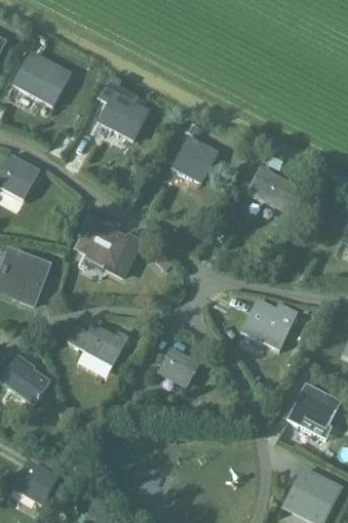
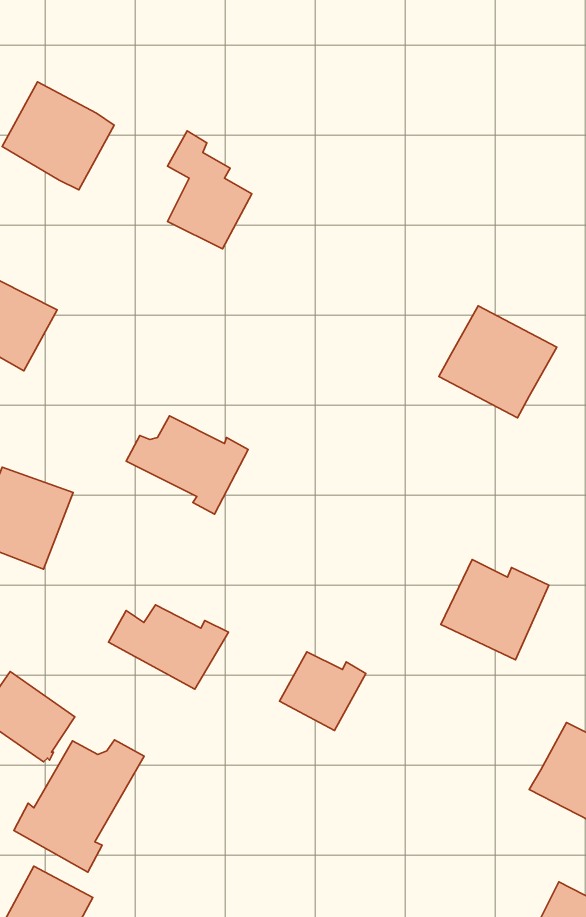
building: [170,134,219,184] -> none
building: none -> [14,740,144,872]

